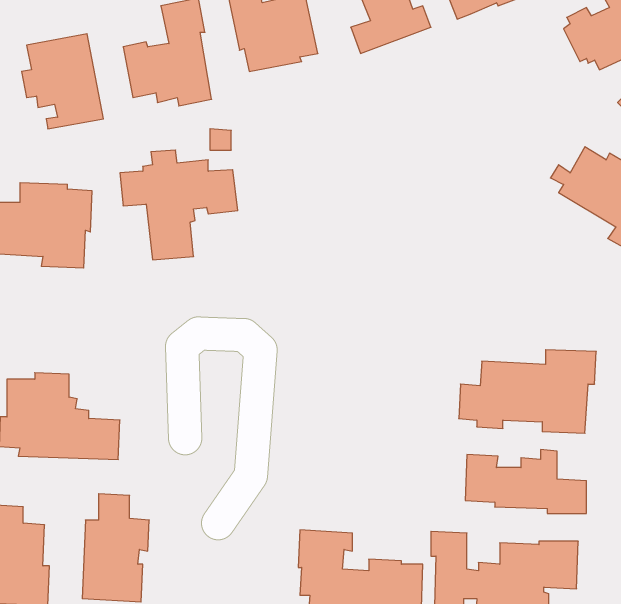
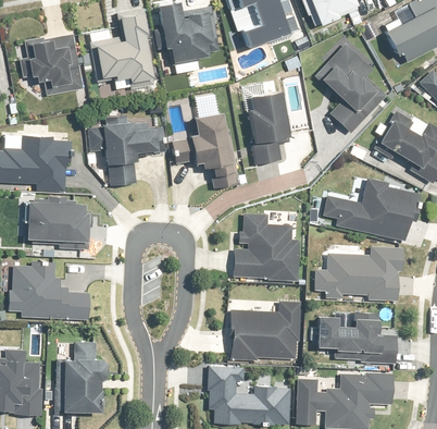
building: none -> [316,44,386,134]
building: none -> [248,90,288,164]
building: none -> [168,101,236,188]
building: none -> [323,177,414,241]
building: none -> [27,197,91,249]
building: none -> [233,215,299,281]
building: none -> [229,302,301,360]

